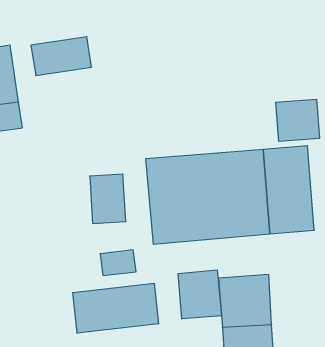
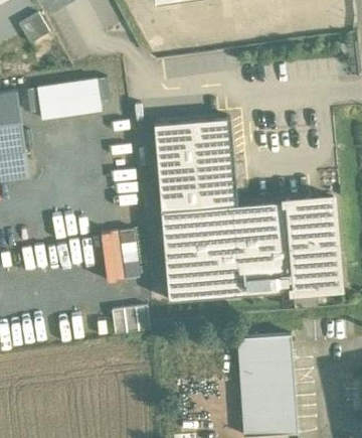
building: none -> [153,117,236,210]
building: [276,99,320,141] -> none
building: [178,270,221,319] -> none
building: [73,283,158,333] -> none

